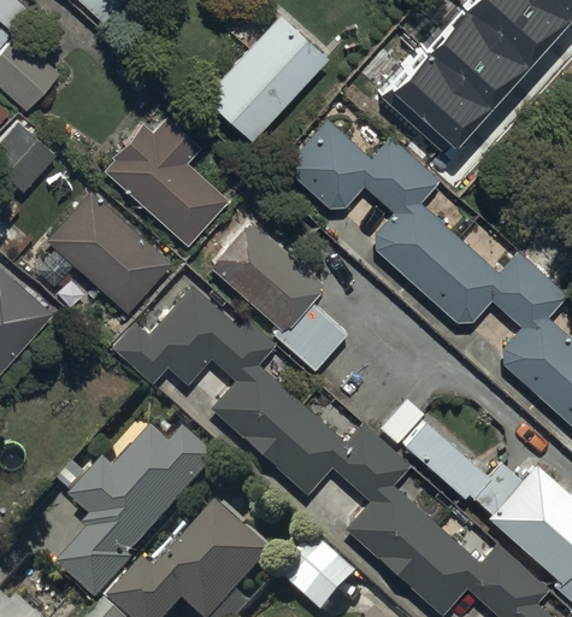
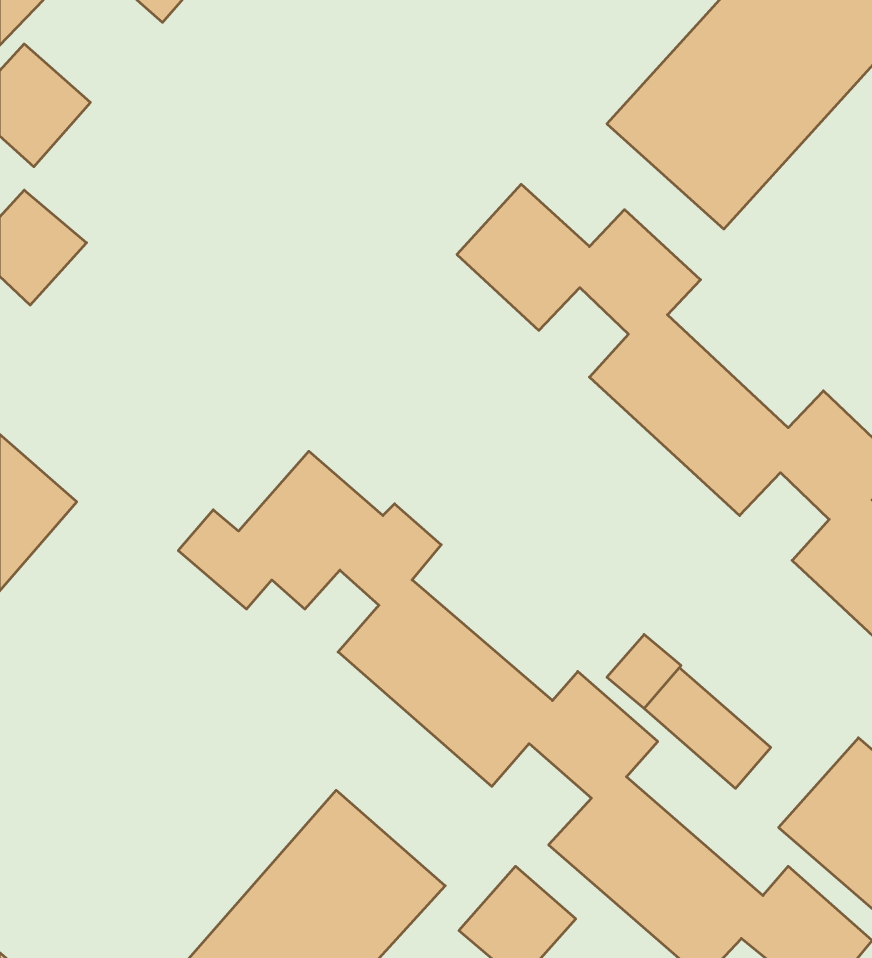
building: [208,16,324,136] -> none
building: [112,121,231,242] -> none
building: [49,193,171,310] -> none
building: [210,219,349,369] -> none
building: [60,418,214,589] -> none

